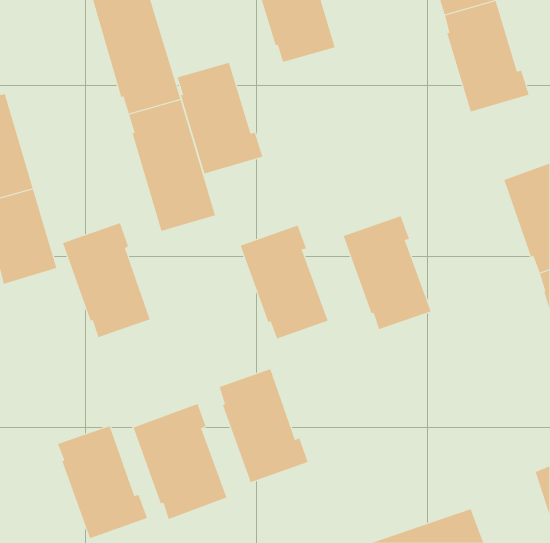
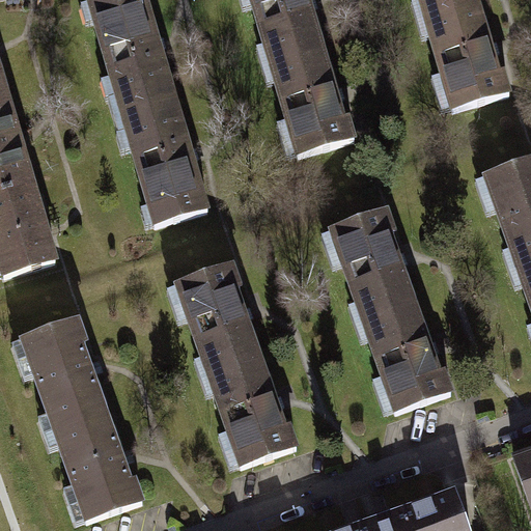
building: [177,62,263,174] -> [272,46,355,153]
building: [62,223,151,338] -> [21,316,106,427]
building: [240,225,328,339] -> [175,262,260,372]
building: none -> [364,300,450,410]
building: [133,403,227,520] -> none

